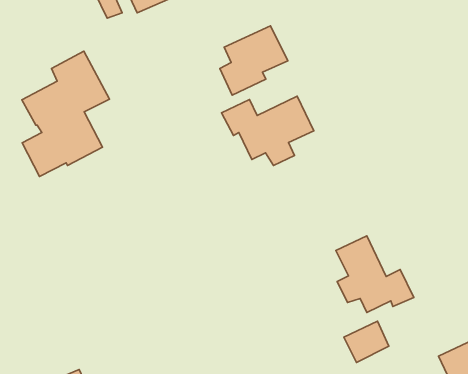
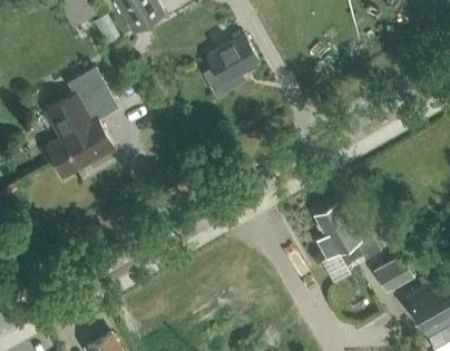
building: [222,96,314,165] -> none
building: [344,321,389,362] -> [375,257,413,293]

